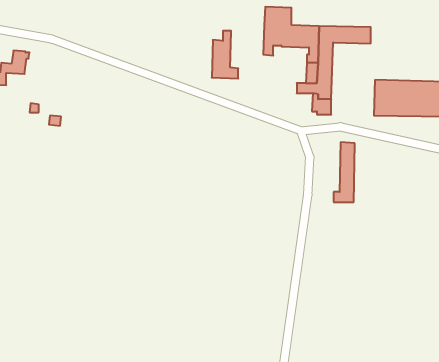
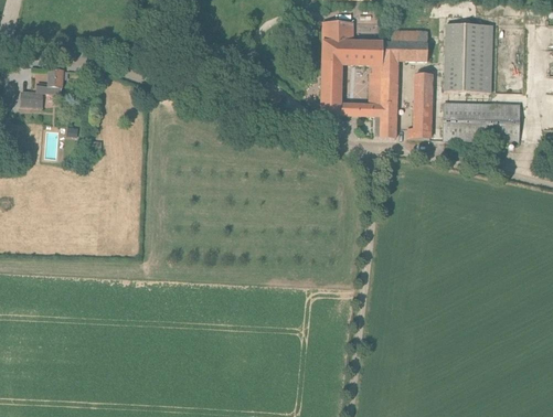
building: none -> [444,23,490,89]
building: [212,31,238,79] -> [320,62,349,114]
building: [334,142,355,202] -> [407,72,430,137]

